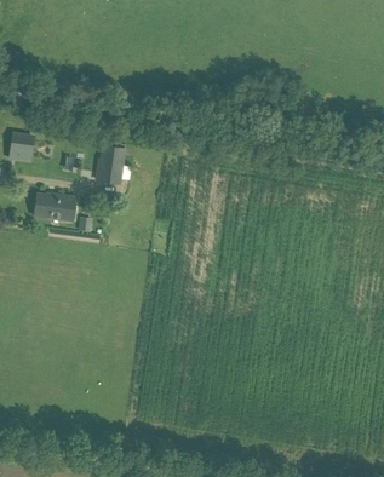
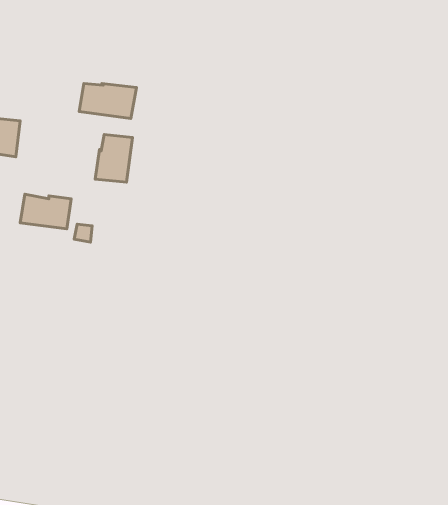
building: none -> [79,83,136,118]

